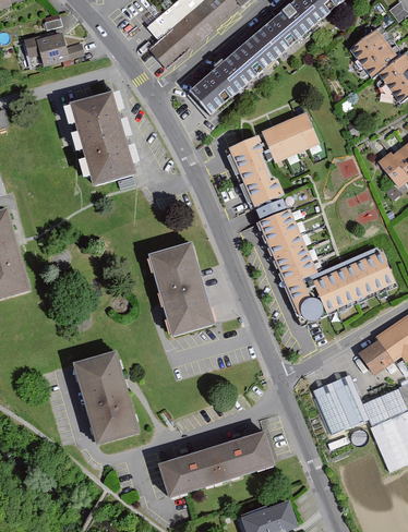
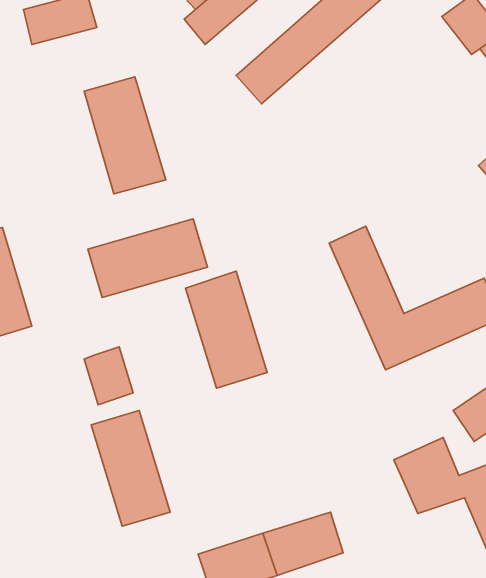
building: [229,116,315,210] -> none
building: none -> [88,219,208,297]
building: none -> [84,347,133,405]

